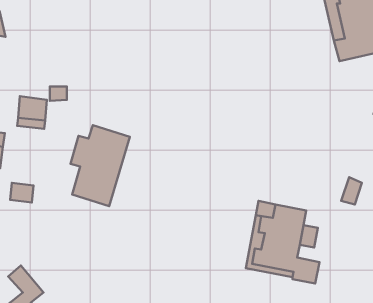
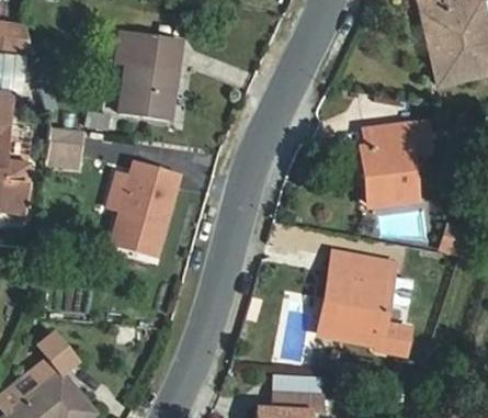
building: none -> [122,36,182,122]
building: none -> [360,121,430,205]

